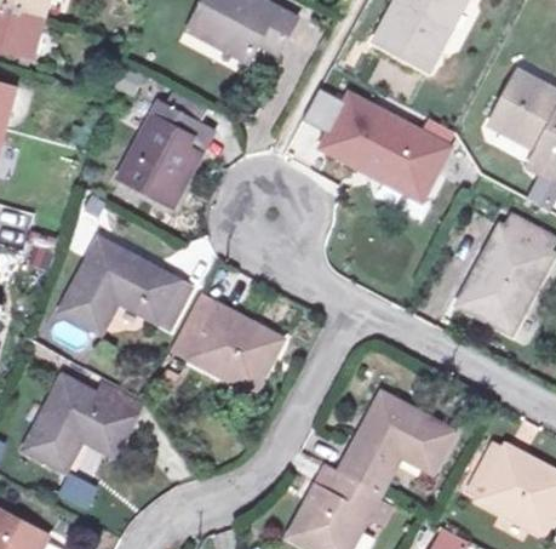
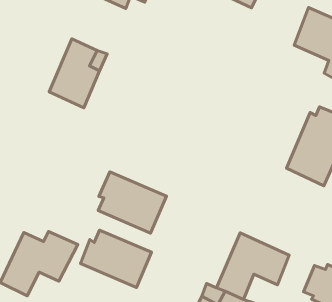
building: [302,84,448,190] -> none
building: [64,234,190,325] -> none
building: none -> [80,230,152,288]

